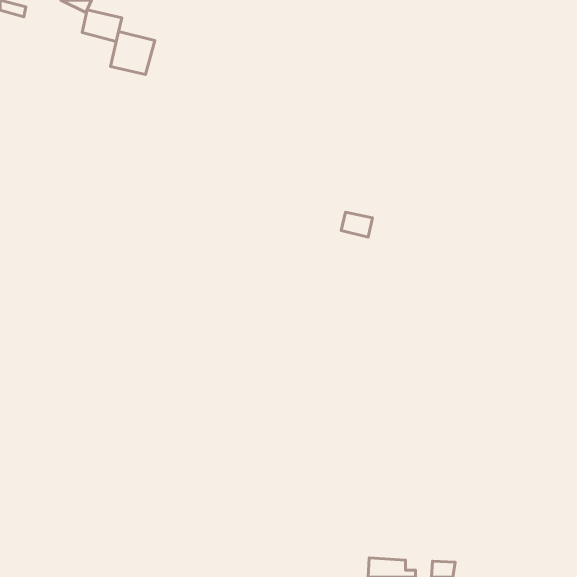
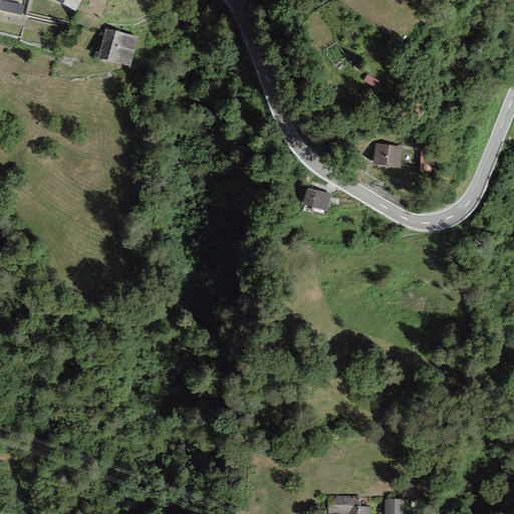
building: [82,10,122,42] -> none
building: none -> [372,143,404,169]

